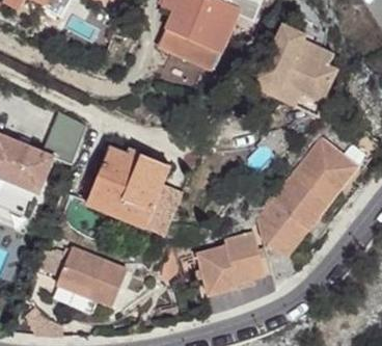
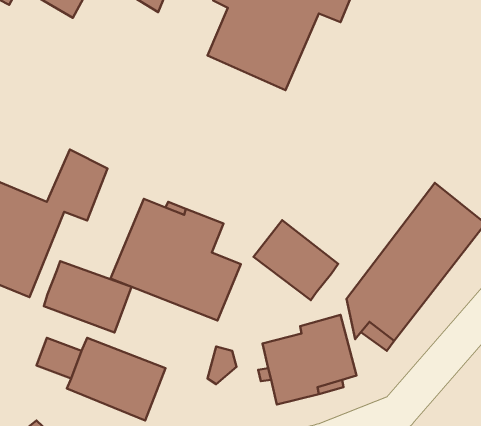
building: [242,24,337,106] -> none
building: none -> [253,220,338,300]
building: none -> [44,261,132,333]

